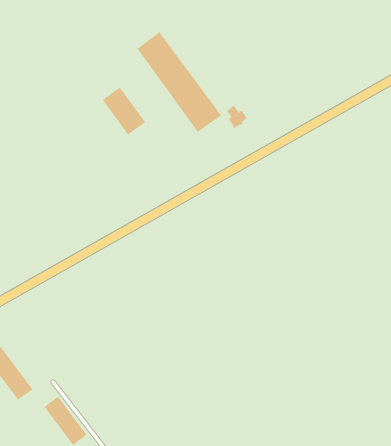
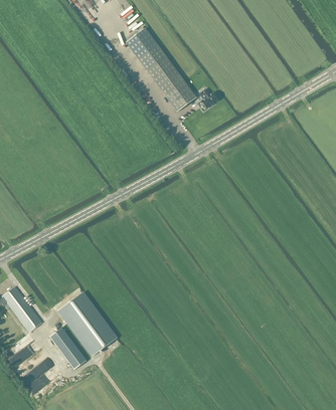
building: [102,87,146,135] -> none
building: none -> [61,293,116,355]

